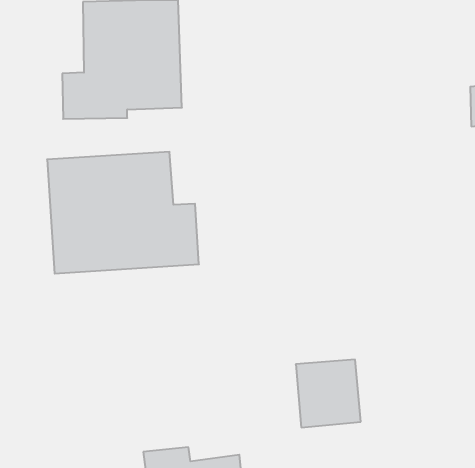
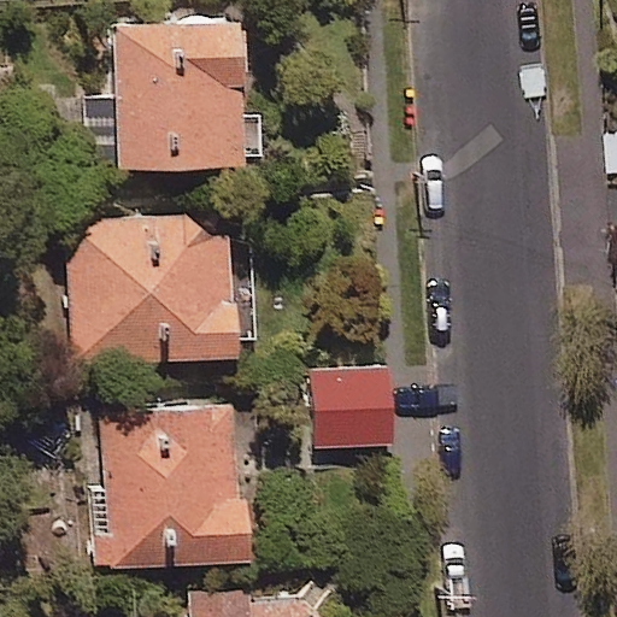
building: none -> [98,398,247,572]
building: [296,360,361,427] -> [312,374,395,460]

